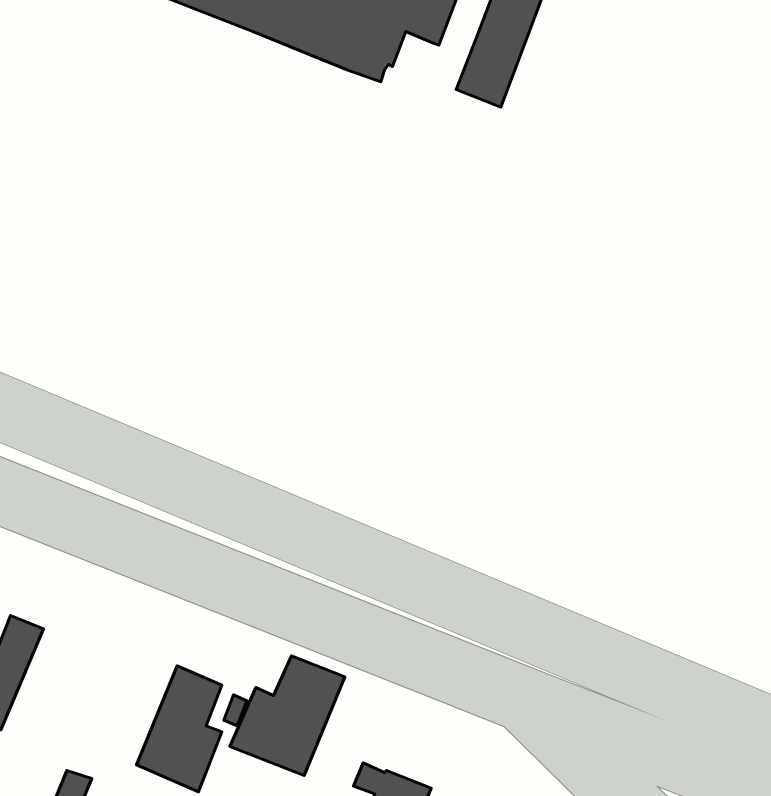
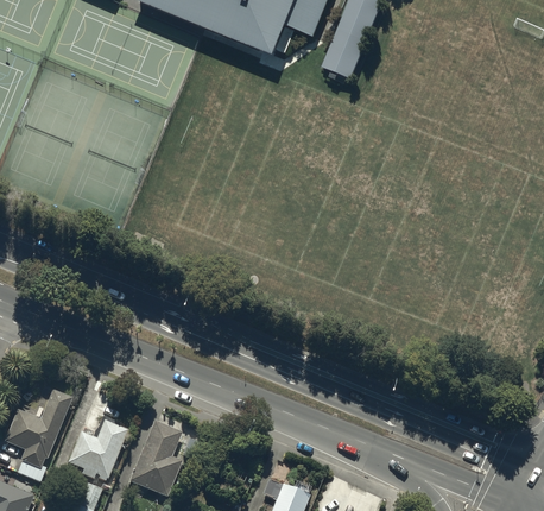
building: [230,656,345,776] -> none
building: none -> [68,418,128,479]

